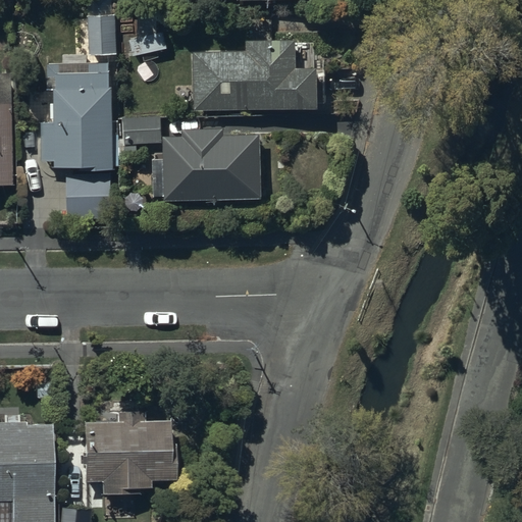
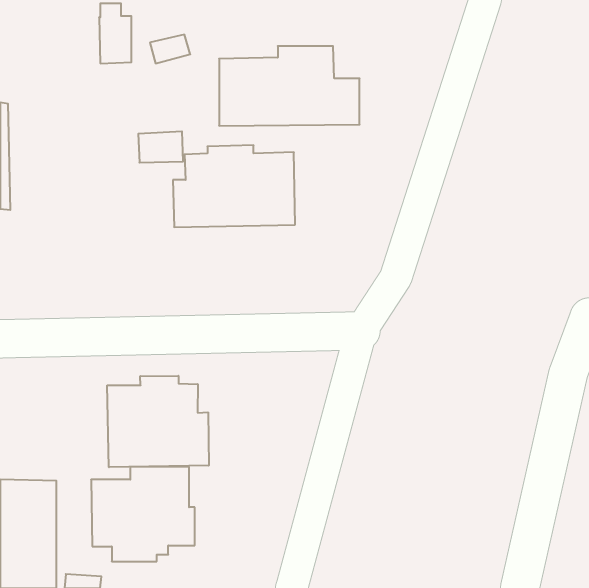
building: [41,62,113,221] -> none
building: none -> [107,376,209,467]

